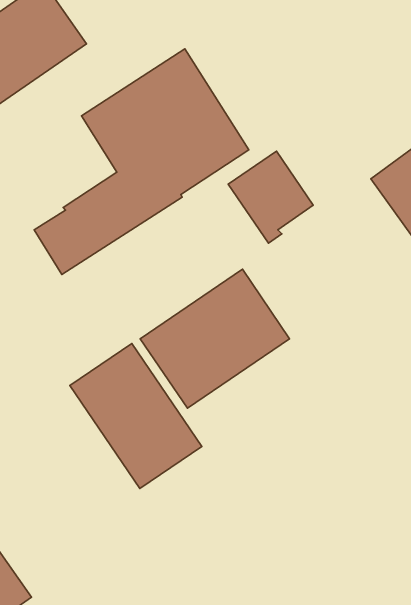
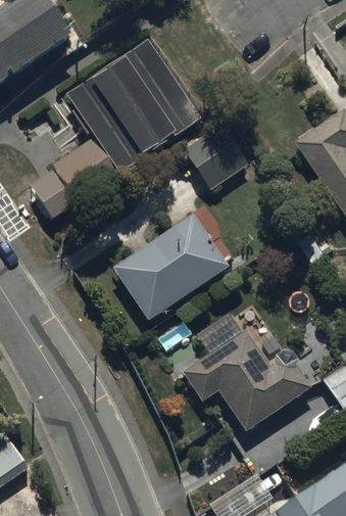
building: [70,343,202,489] -> none
building: none -> [184,329,313,432]

